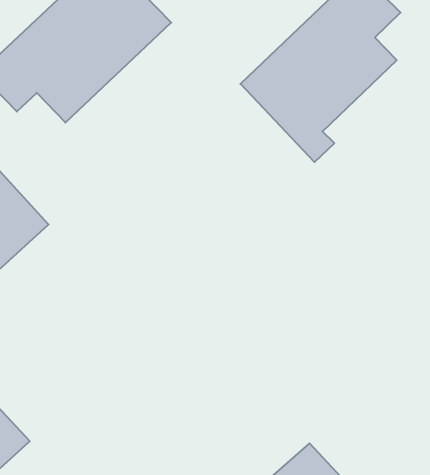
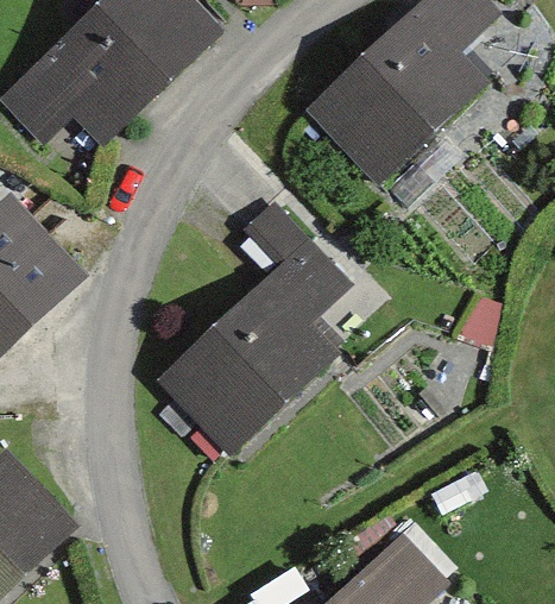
building: none -> [163,201,345,458]

